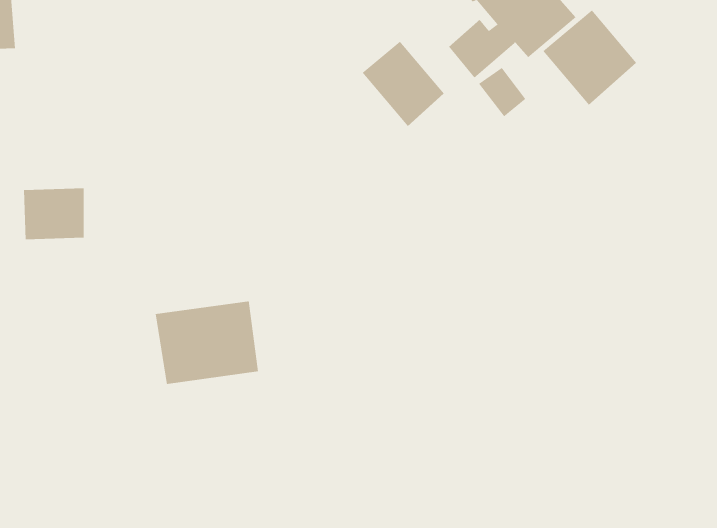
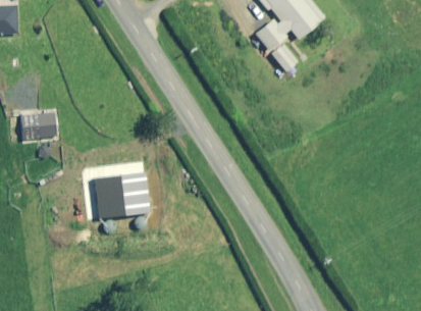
building: [542,10,637,106] -> none
building: [362,41,444,127] -> none

